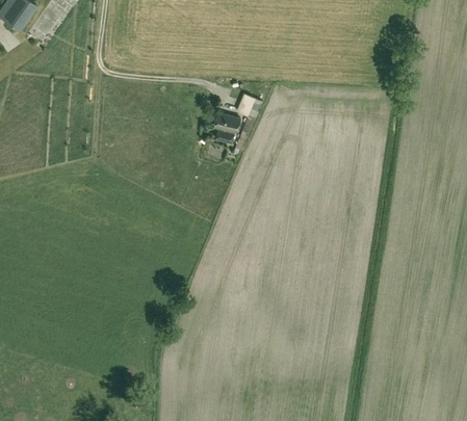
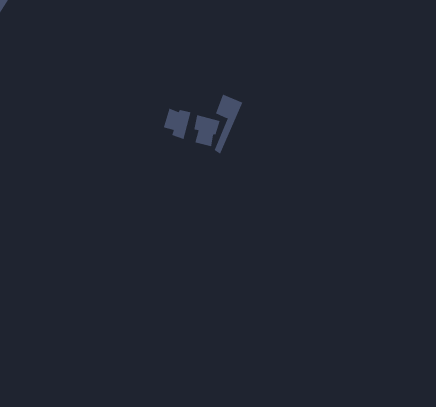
building: none -> [163,108,191,140]

